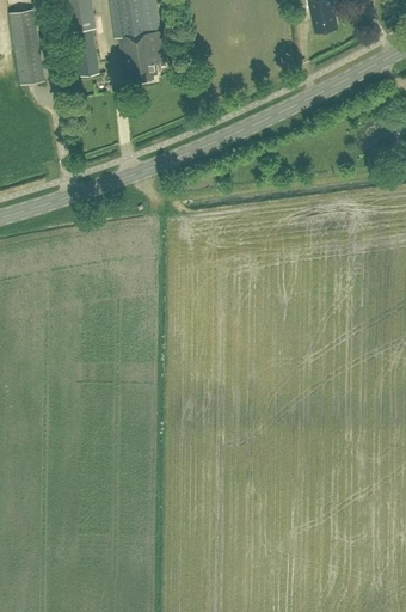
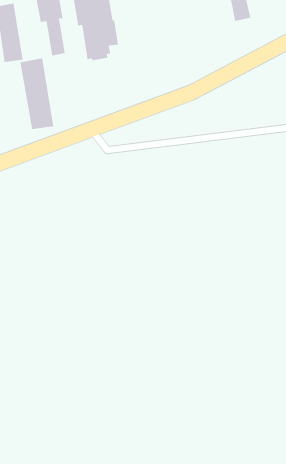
building: none -> [20,58,54,130]

